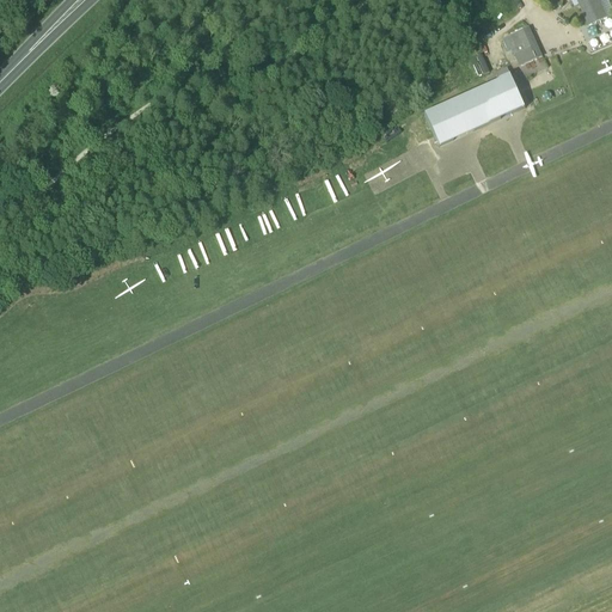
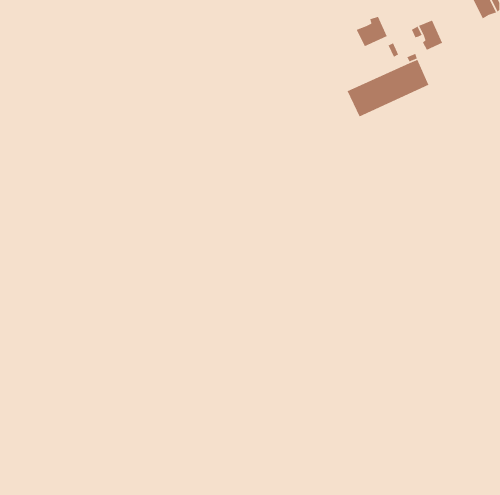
building: none -> [356,16,388,47]

